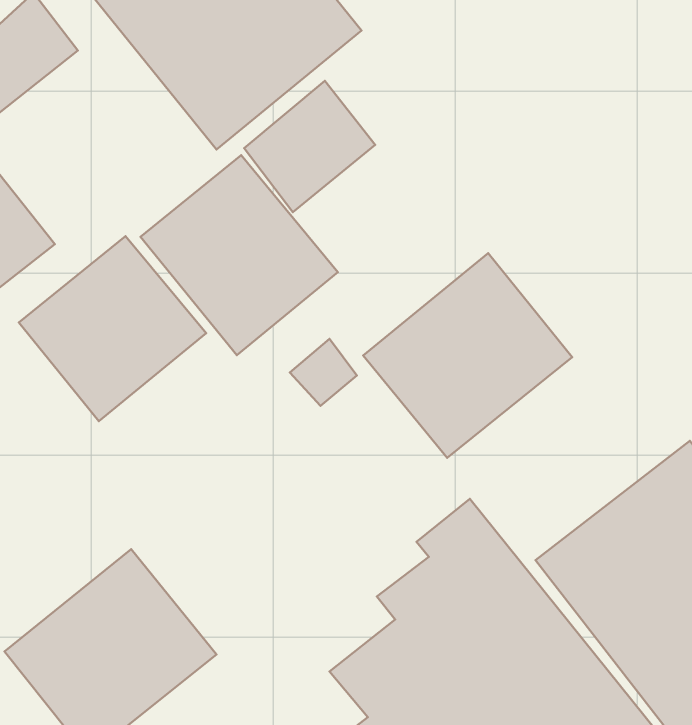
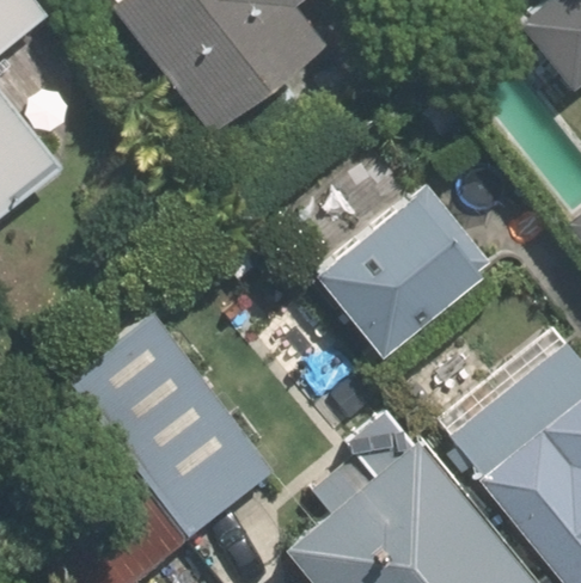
building: [141,155,338,355] -> none
building: [19,236,206,421] -> none
building: none -> [78,290,293,521]

